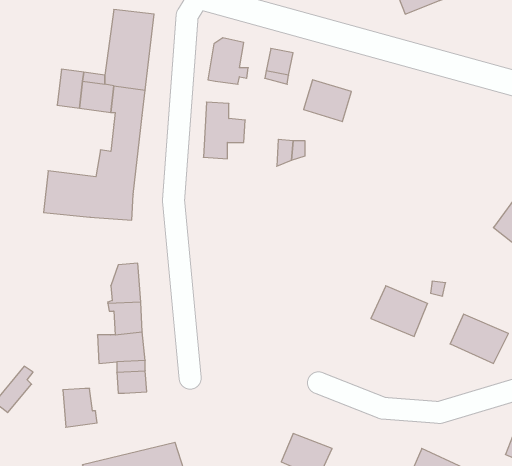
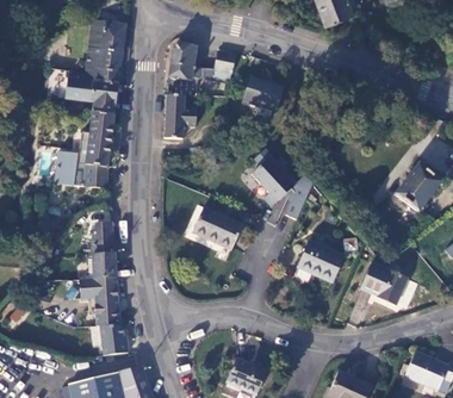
building: none -> [252,148,312,218]
building: none -> [182,204,242,255]
building: [63,388,97,427] -> [100,325,128,356]

